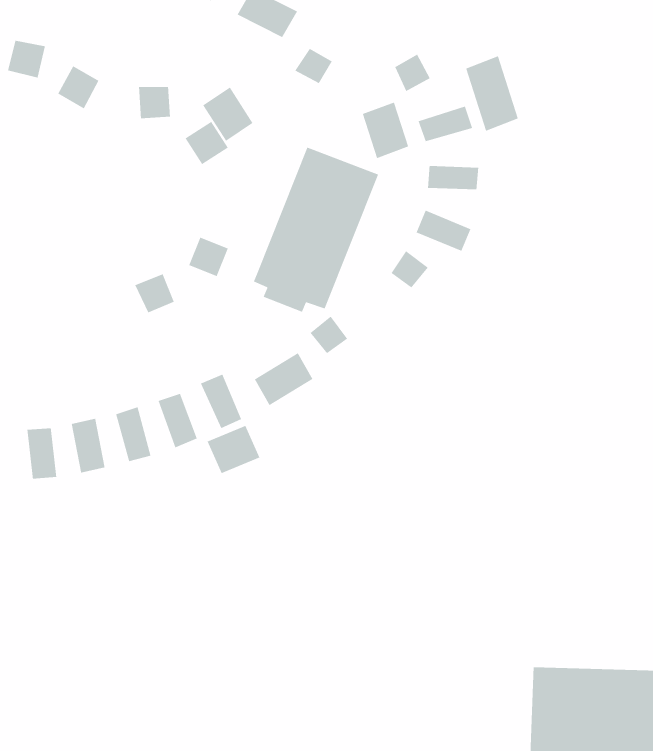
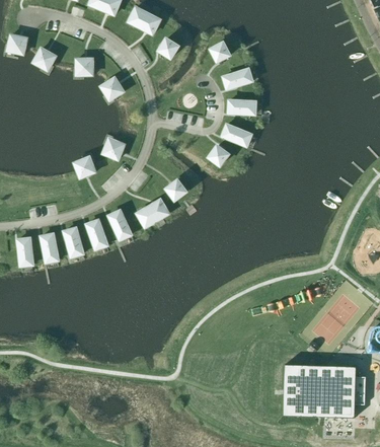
building: [465,55,519,132] -> none
building: [202,87,253,142] -> none
building: [362,101,409,159] -> none
building: [253,147,379,313] -> none
building: [206,425,260,474] -> none

